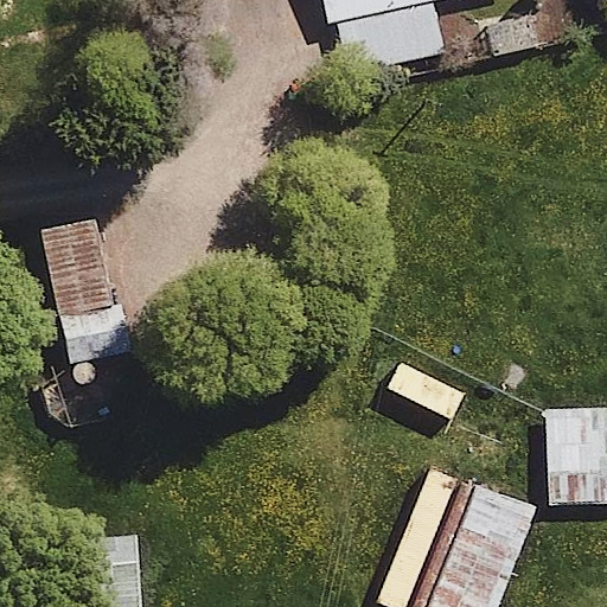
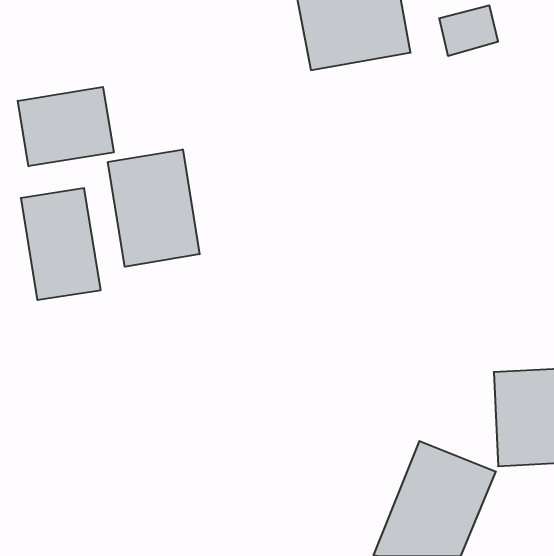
building: none -> [18,87,114,166]
building: none -> [108,149,200,267]

